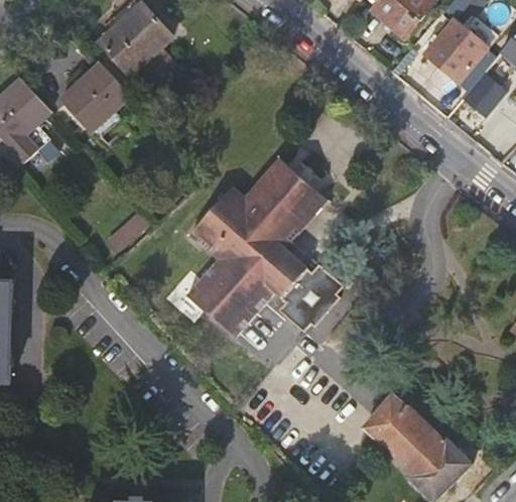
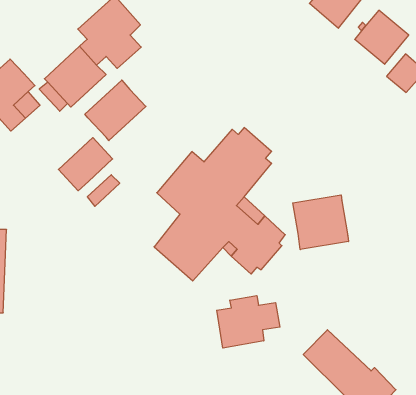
building: none -> [85,80,146,141]
building: none -> [58,138,113,191]
building: none -> [293,195,348,250]
building: none -> [217,296,280,348]

